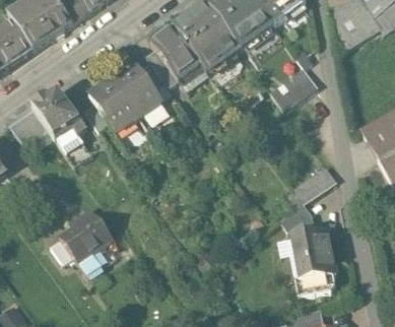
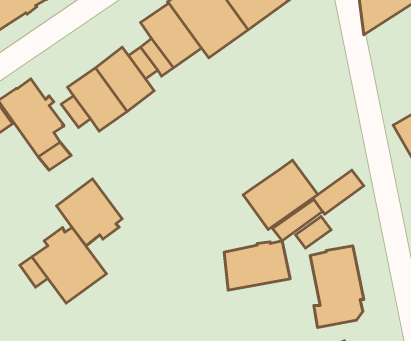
building: [270,64,319,110] -> none
building: none -> [243,160,318,229]
building: none -> [57,179,122,246]
building: none -> [224,241,290,290]

